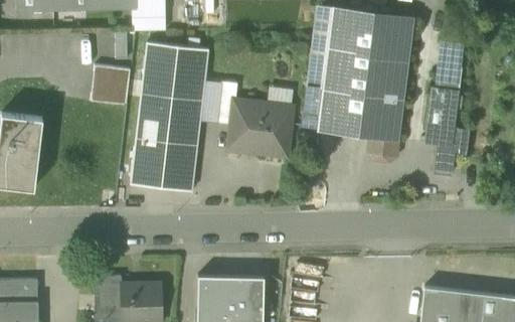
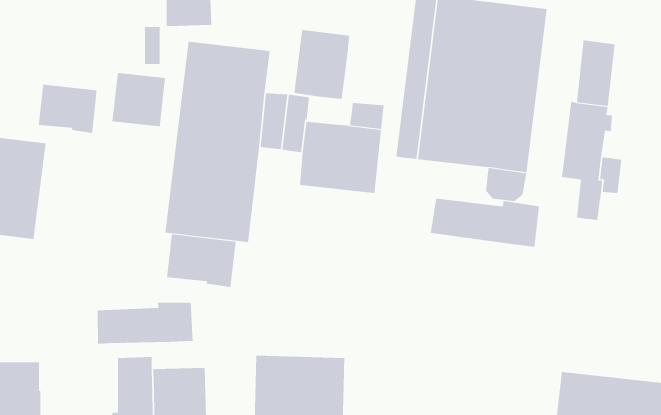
building: none -> [294,29,350,100]
building: none -> [38,84,97,134]
building: none -> [430,198,539,248]
building: none -> [166,234,236,288]
building: none -> [97,302,193,344]

